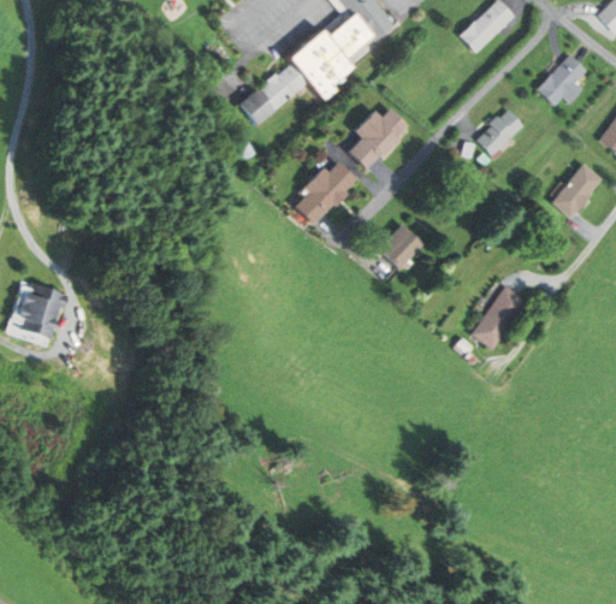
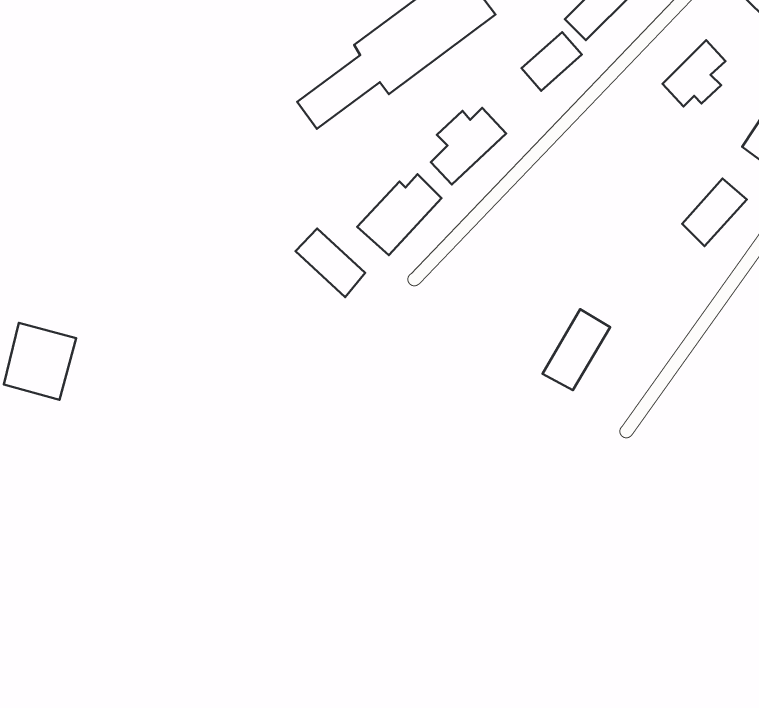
building: [474,108,522,155] -> [522,32,582,91]
building: none -> [295,228,365,297]
building: [380,224,425,268] -> none
building: [475,284,529,349] -> [543,309,610,390]

